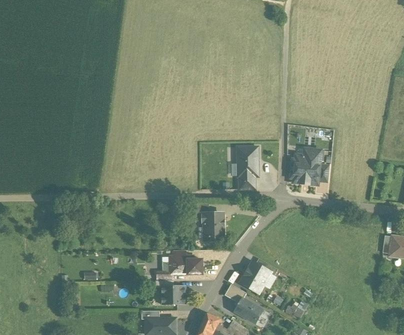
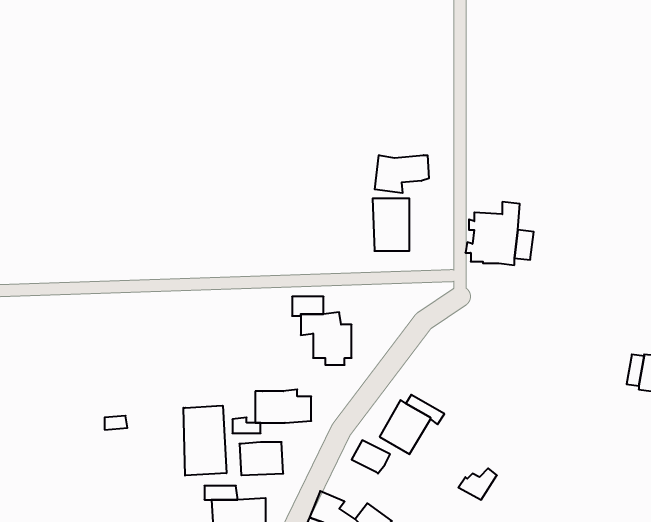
building: none -> [375,155,429,193]
building: none -> [183,406,226,476]
building: [234,298,264,324] -> none

